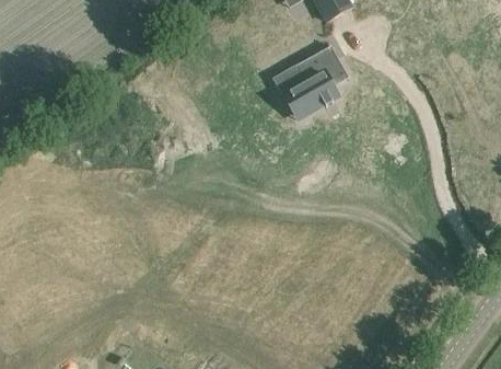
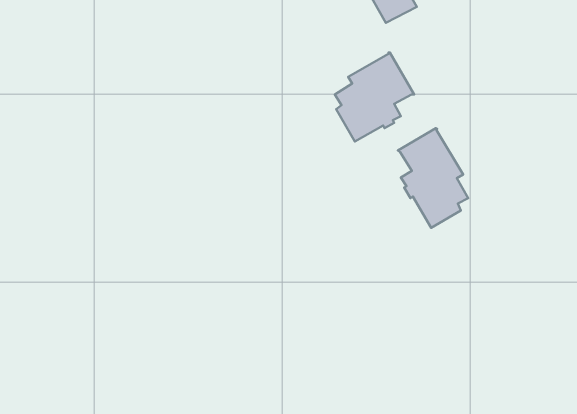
building: none -> [398,128,468,228]

